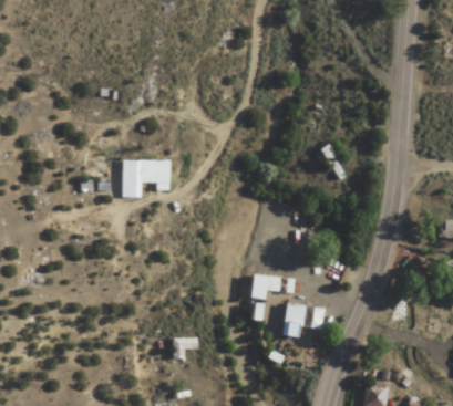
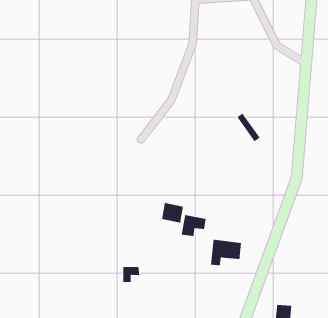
building: [124,159,166,197] -> none
building: none -> [161,202,184,223]

